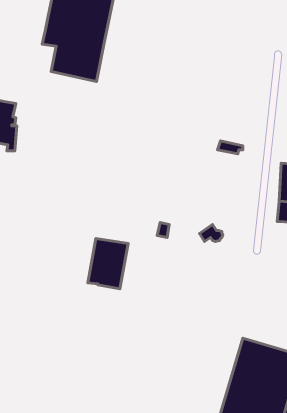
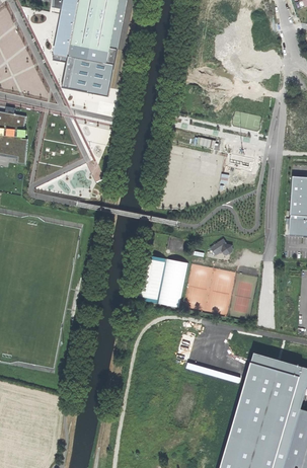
building: [88,238,128,289] -> [147,256,187,307]

